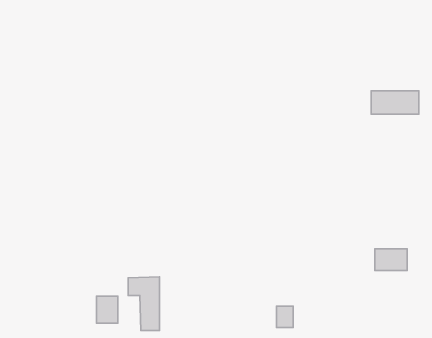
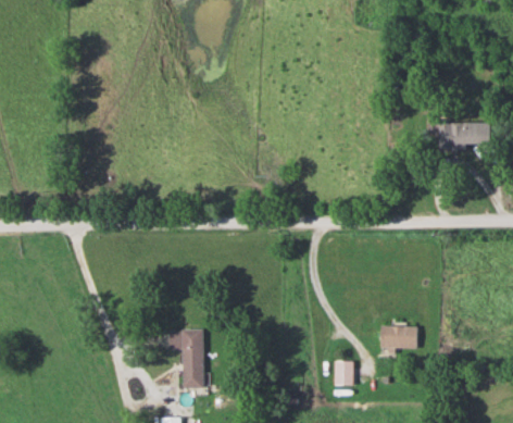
building: [375,249,407,270] -> [380,326,416,350]
building: [97,296,118,323] -> none

